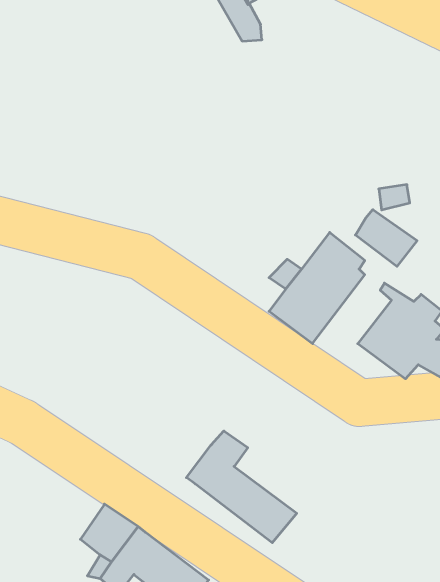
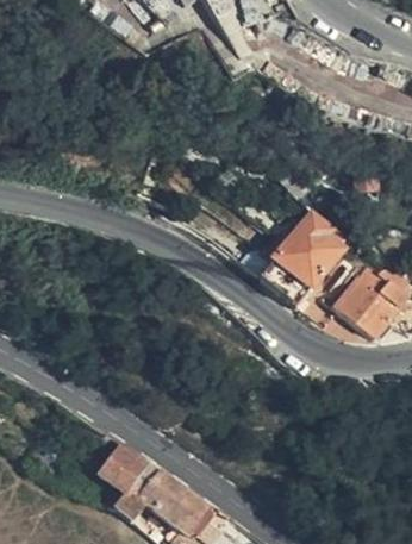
building: [355,210,417,266] -> none
building: [186,431,297,543] -> none

